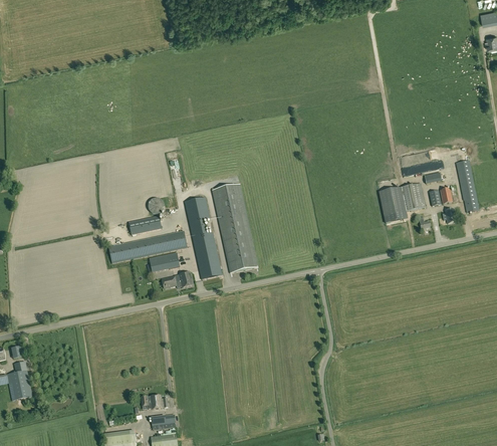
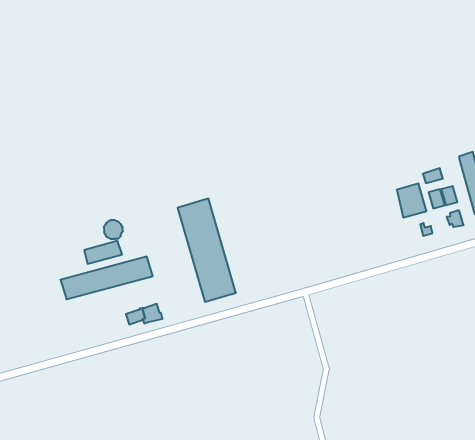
building: [379,188,407,223] -> none
building: [184,198,221,279] -> none
building: [149,252,180,273] -> none

